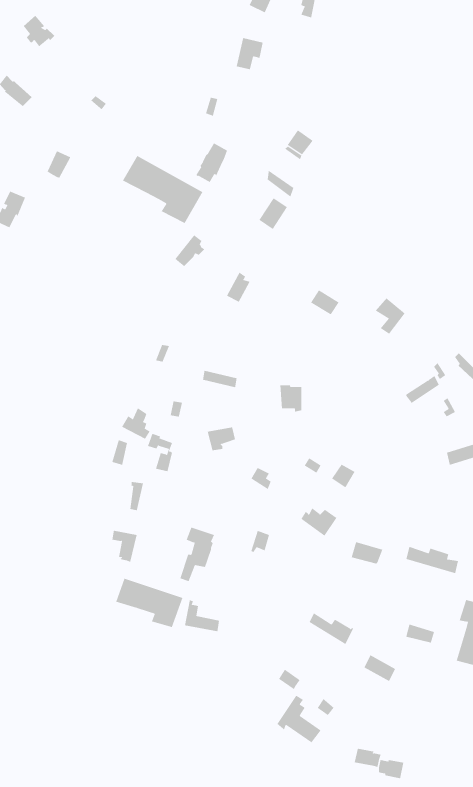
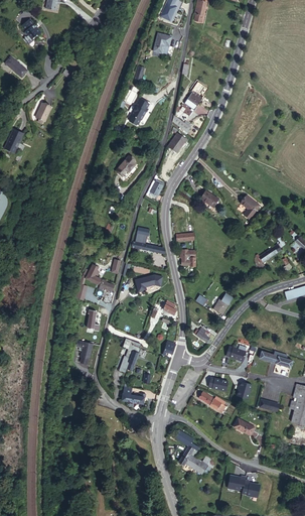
building: [122,155,203,224] -> none
building: [115,578,183,628] -> none

